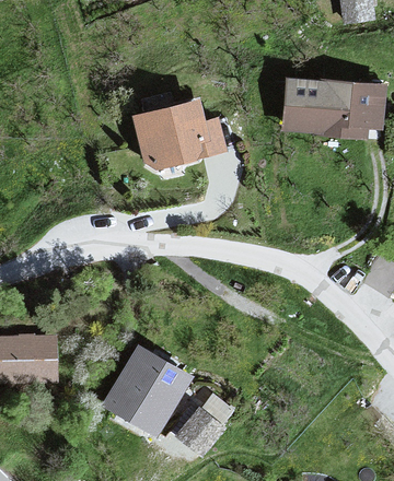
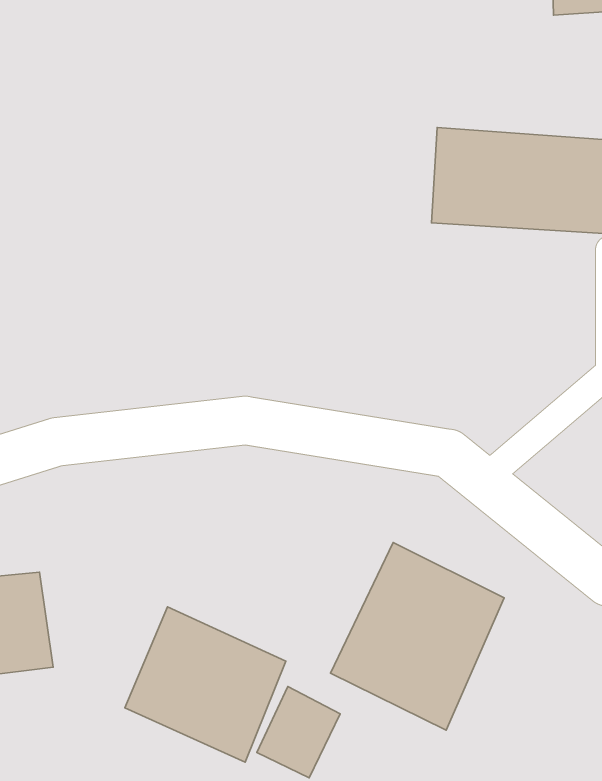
building: [124,95,231,173] -> none
building: none -> [330,542,504,730]

